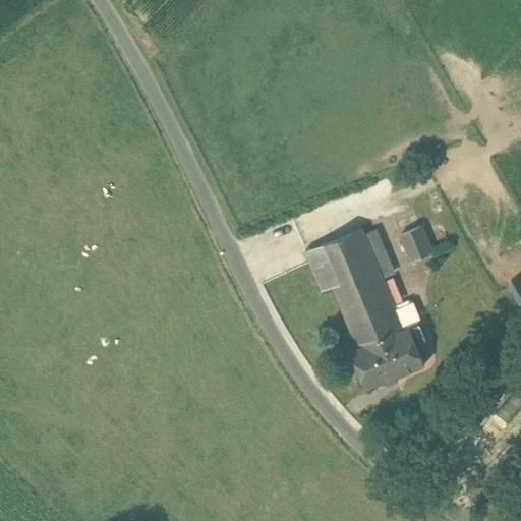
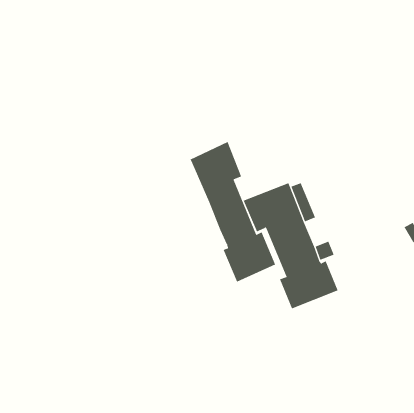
building: none -> [190,141,276,283]
building: [401,228,433,264] -> none

